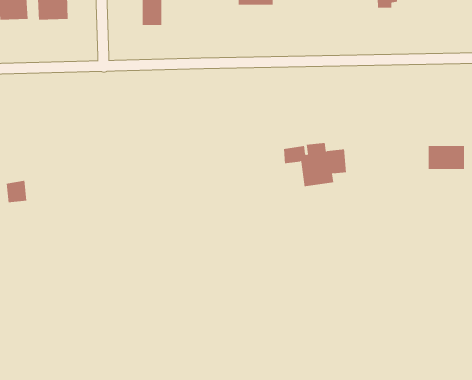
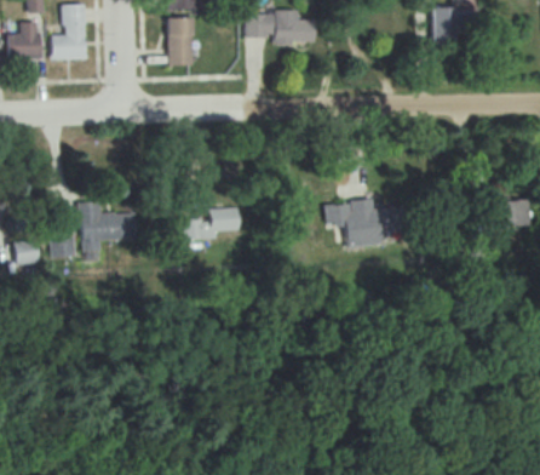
building: none -> [77,202,134,251]
building: none -> [183,206,239,241]
building: none -> [50,223,75,259]

